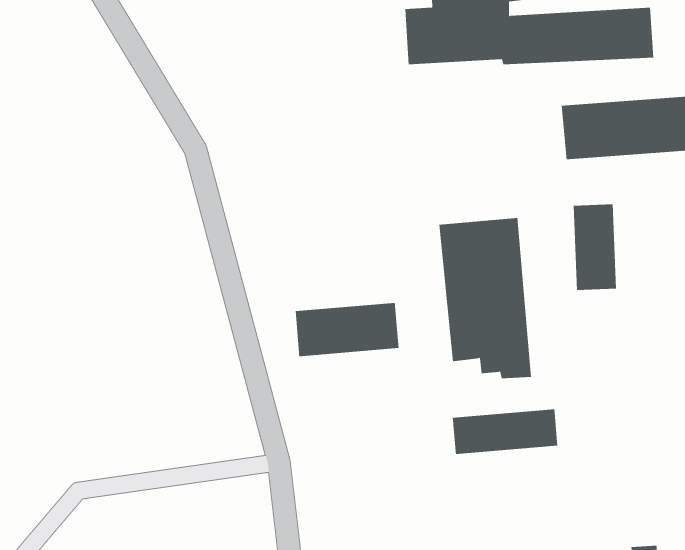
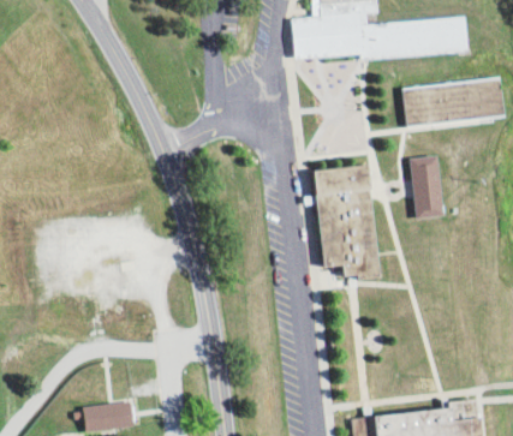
building: [295,302,399,357] -> none
building: [452,408,558,455] -> none

